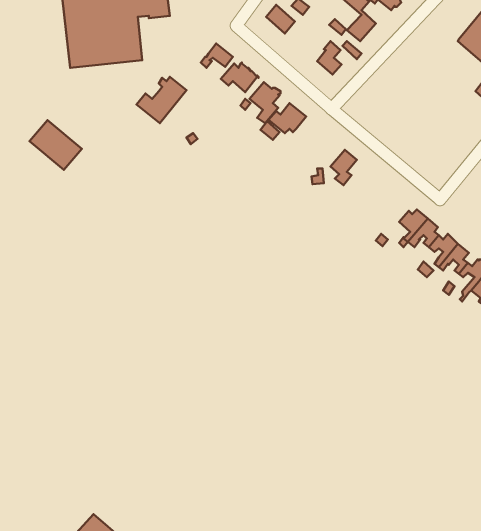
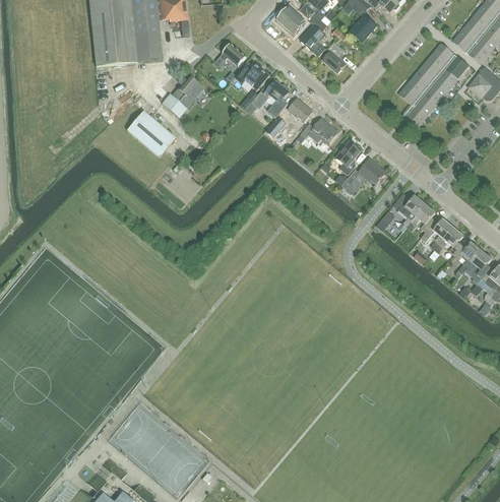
building: none -> [300,10,326,55]
building: none -> [398,43,467,130]
building: [30,120,82,170] -> [127,110,175,155]
building: none -> [297,118,337,143]
building: none -> [341,158,385,194]

